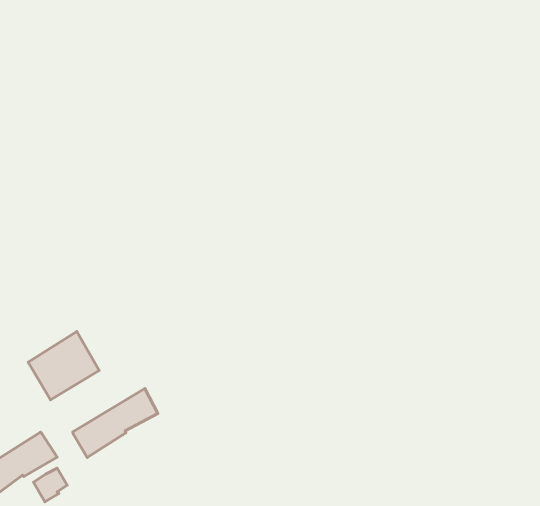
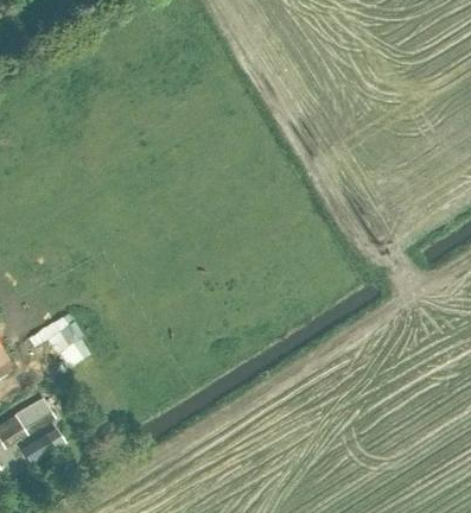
building: [73,389,158,457] -> none

